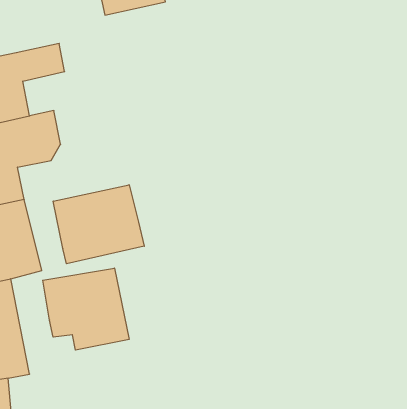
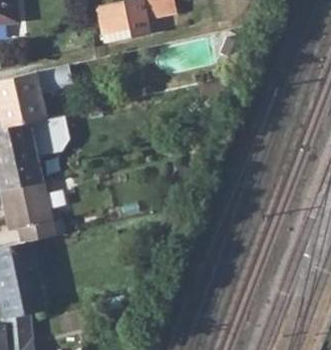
building: [53,185,144,264] -> none
building: [43,268,129,350] -> none

